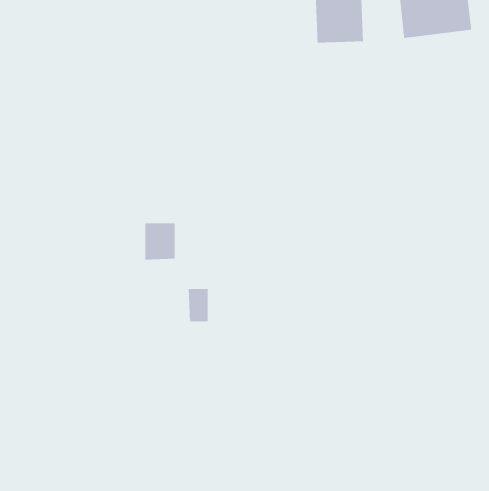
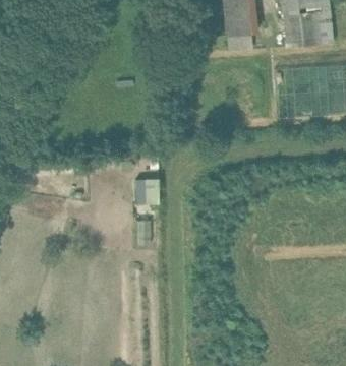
building: [145,222,175,260] -> [138,177,160,203]

